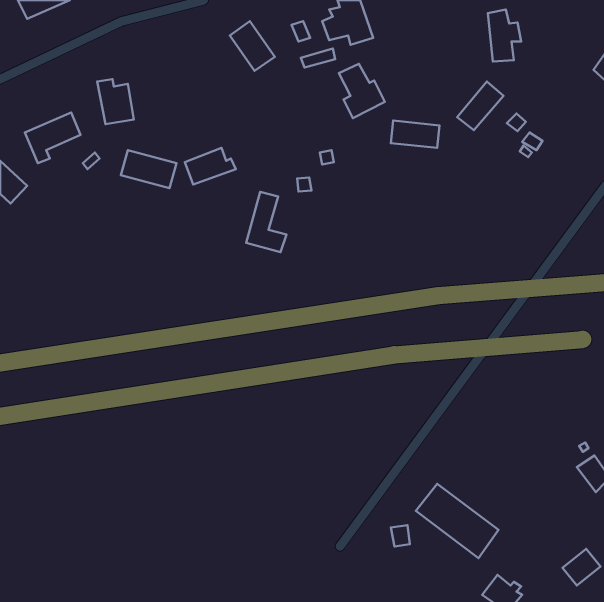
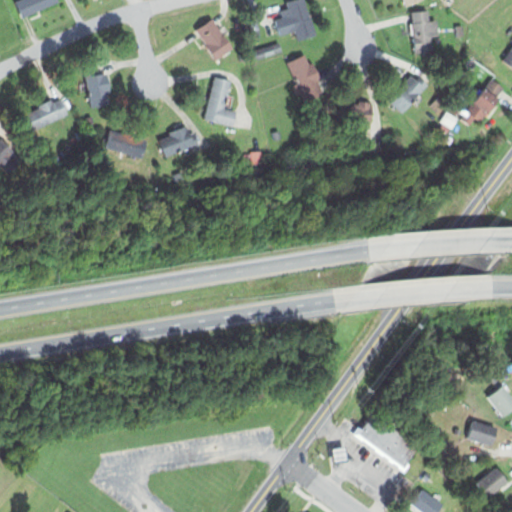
building: none -> [463,78,505,124]
building: [246,192,286,252] -> [204,77,238,128]
building: none -> [466,422,498,447]

